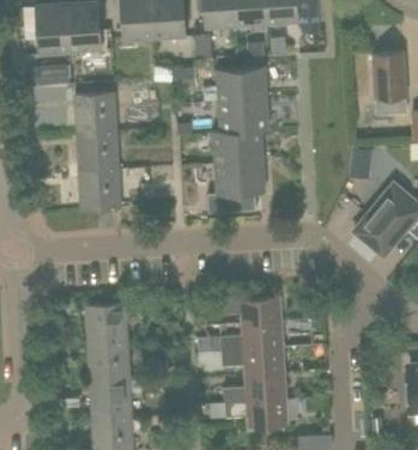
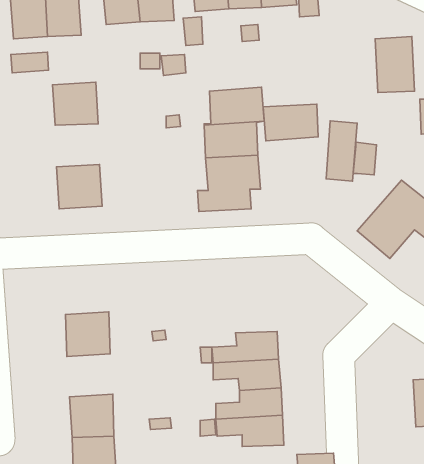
building: [216,69,266,103] -> [263,104,318,141]
building: none -> [326,121,357,181]
building: [77,133,117,172] -> none
building: [218,296,280,324] -> none
building: [87,343,129,383] -> none

